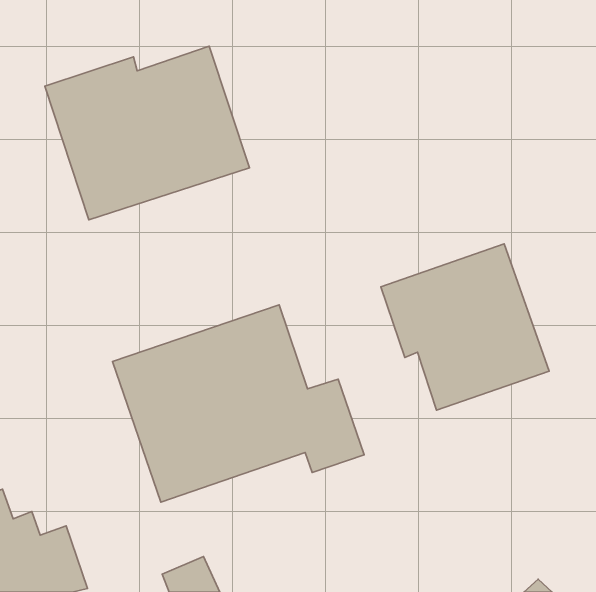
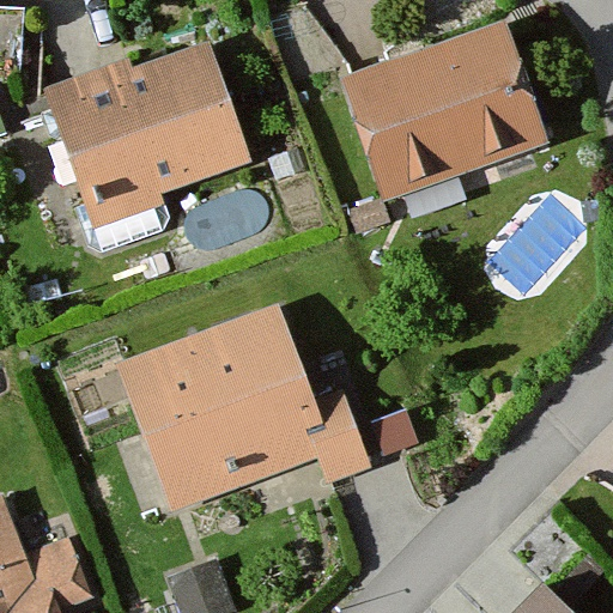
building: none -> [342,24,550,200]
building: [381,244,549,410] -> none

